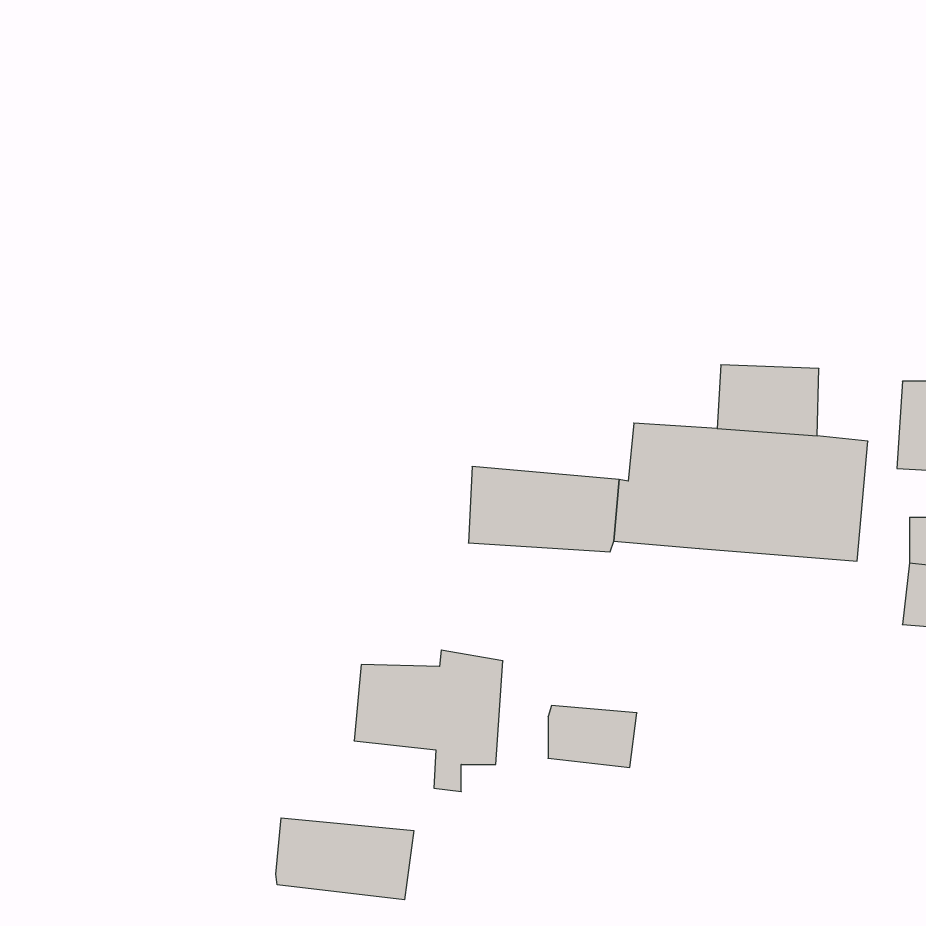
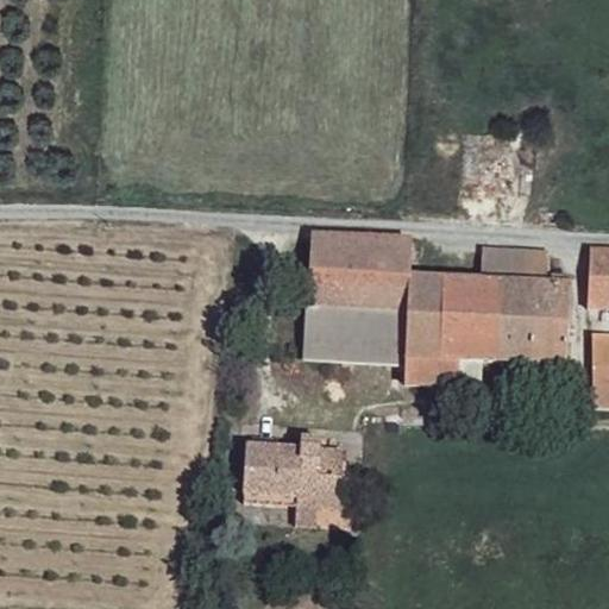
building: none -> [310,238,416,315]
building: [548,706,637,767] -> [401,354,459,395]
building: [276,818,414,900] -> none

